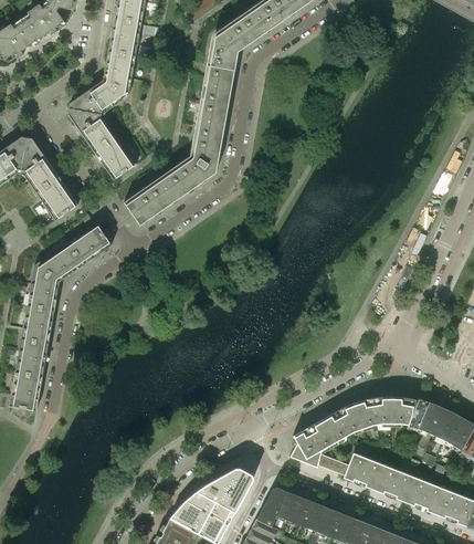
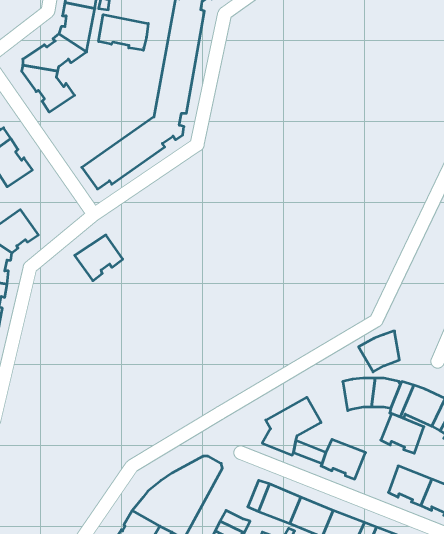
building: none -> [99,15,148,50]
building: [94,137,137,180] -> none
building: [67,223,112,265] -> [75,235,123,281]
building: [330,400,368,438] -> [359,331,399,372]
building: [375,465,414,502] -> [381,414,424,453]
building: [256,488,286,526] -> none

